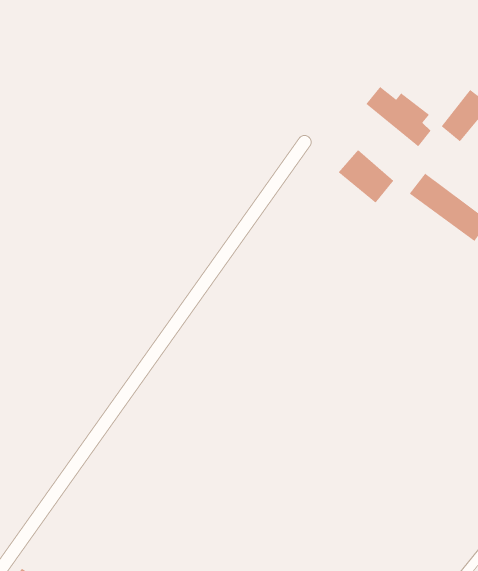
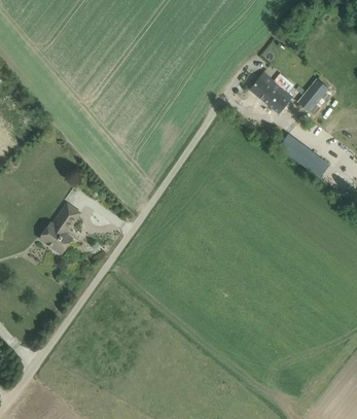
building: [338,149,394,203] -> none
building: none -> [38,203,78,252]

